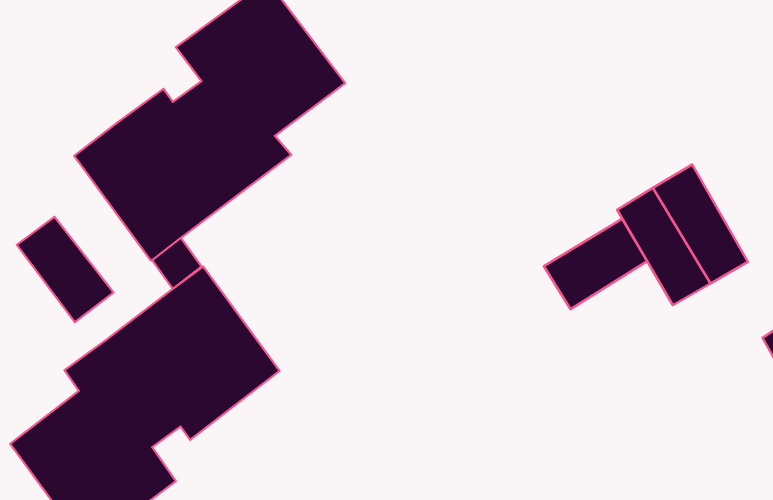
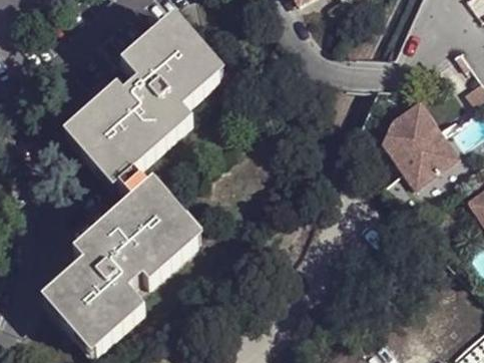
building: [17,217,113,322] -> none
building: [544,219,647,309] -> none

